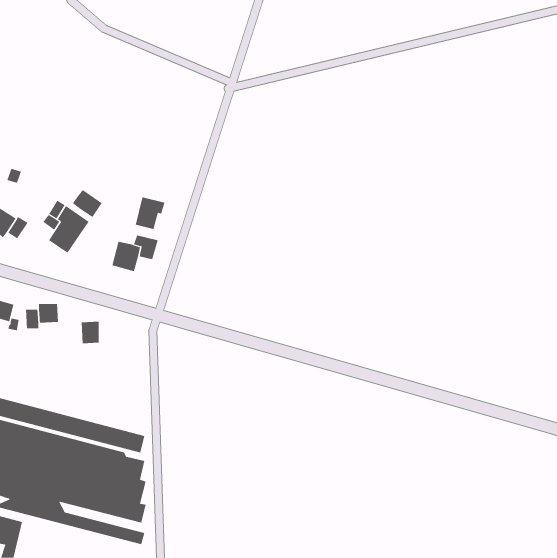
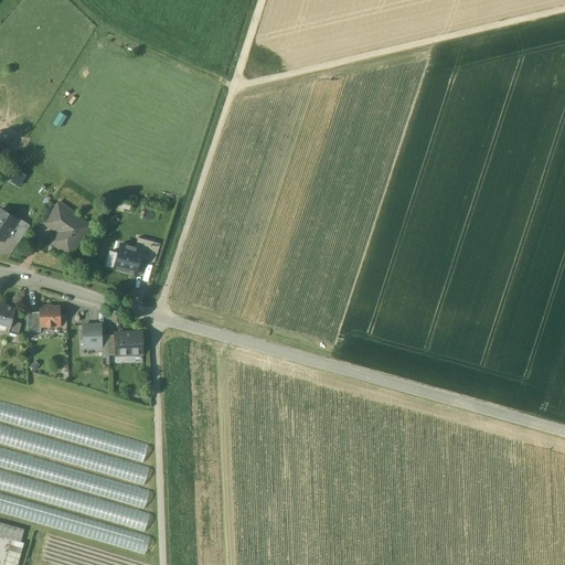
building: [72,189,103,218] -> none
building: [135,196,165,230] -> none
building: none -> [114,332,141,355]

